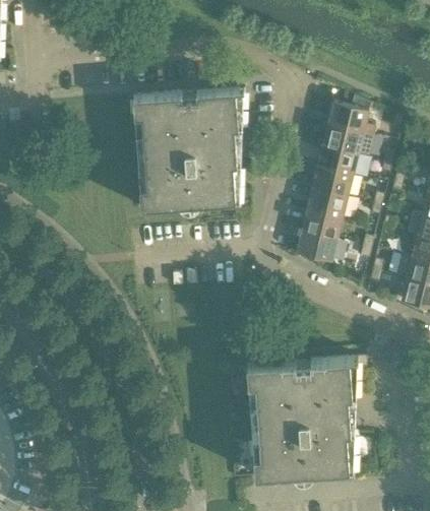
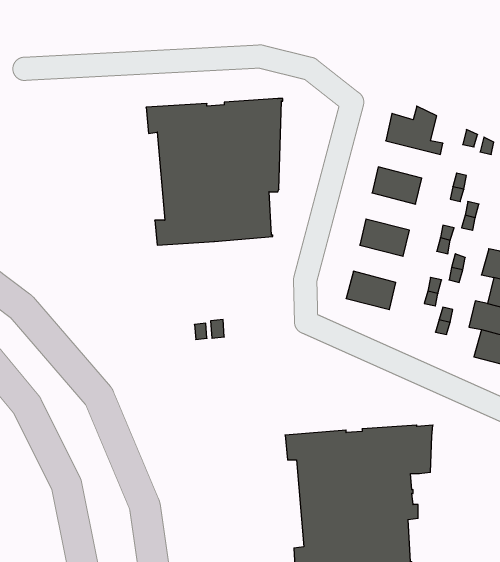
building: [322,127,373,159] -> none
building: [312,170,353,200] -> none
building: [302,212,343,243] -> none

